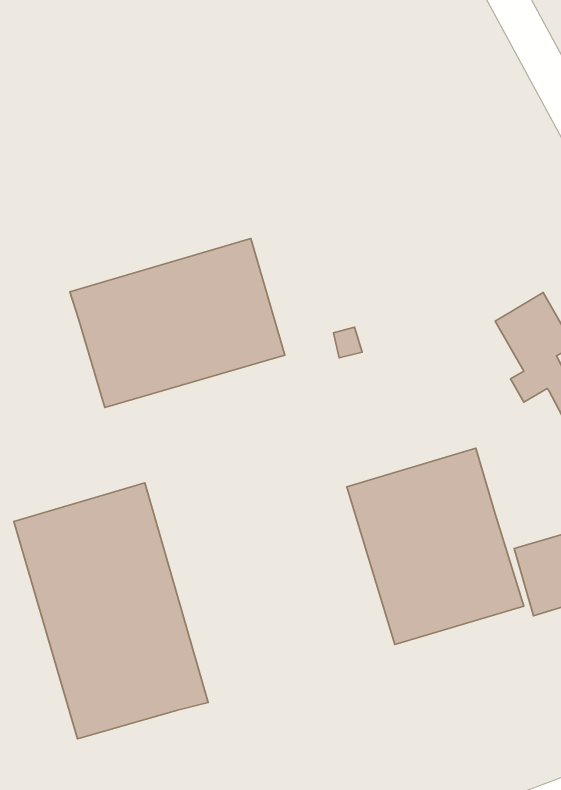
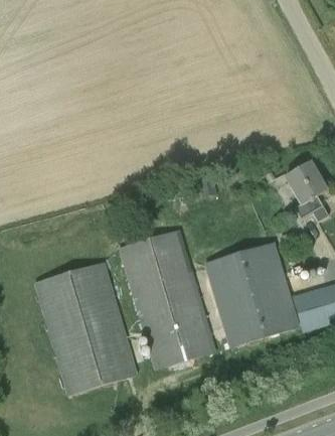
building: [70,238,285,408] -> none
building: none -> [118,228,215,369]

